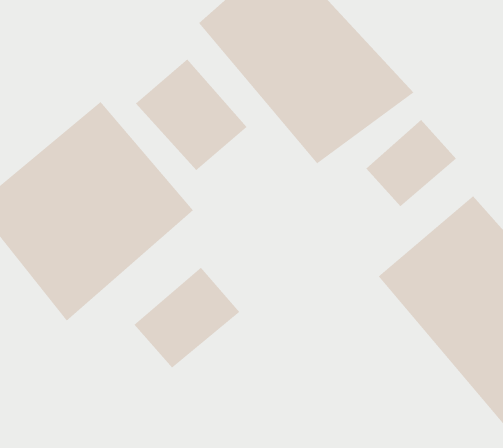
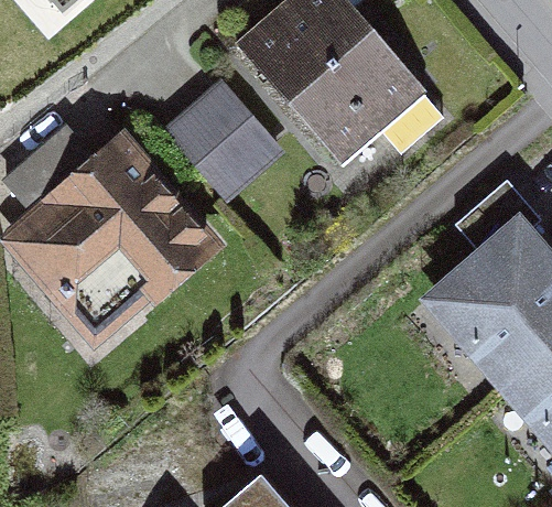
building: [366,119,457,207] -> none
building: [133,267,240,369] -> none

